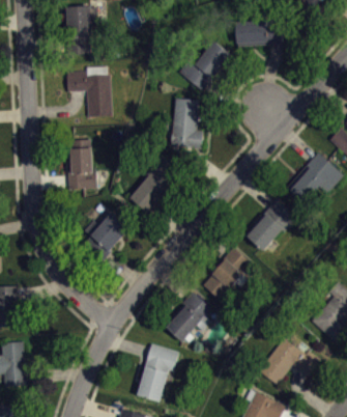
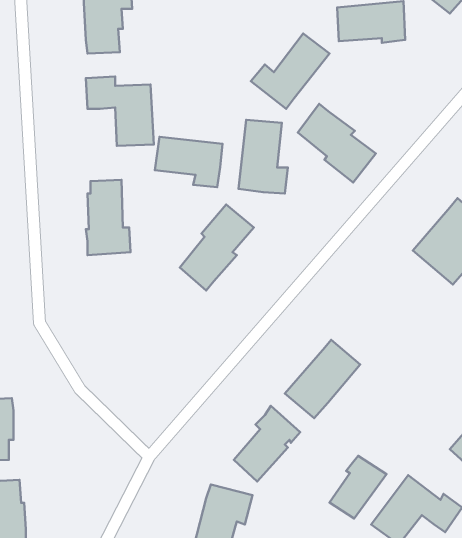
building: none -> [298,104,376,182]
building: none -> [155,137,222,187]
building: [244,199,297,251] -> none
building: [81,213,129,265] -> none
building: none -> [329,456,386,519]

